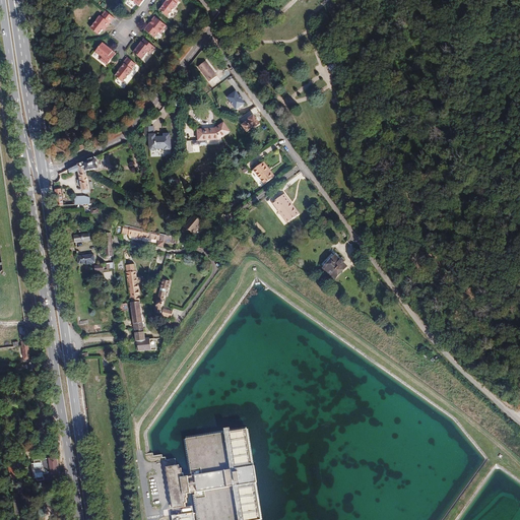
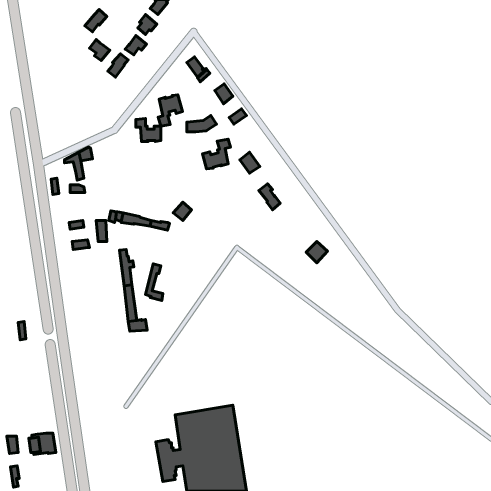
building: none -> [158,95,183,126]
building: none -> [202,139,230,169]

